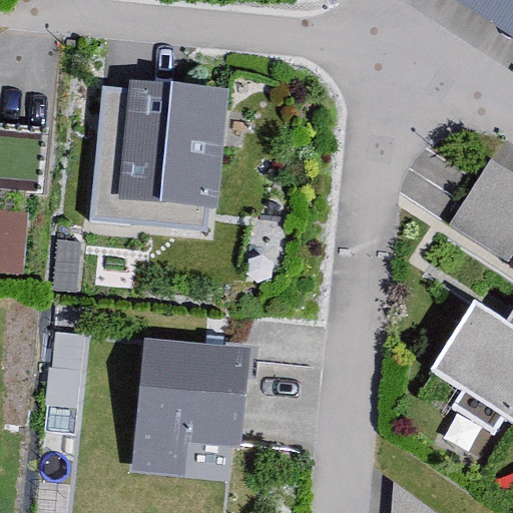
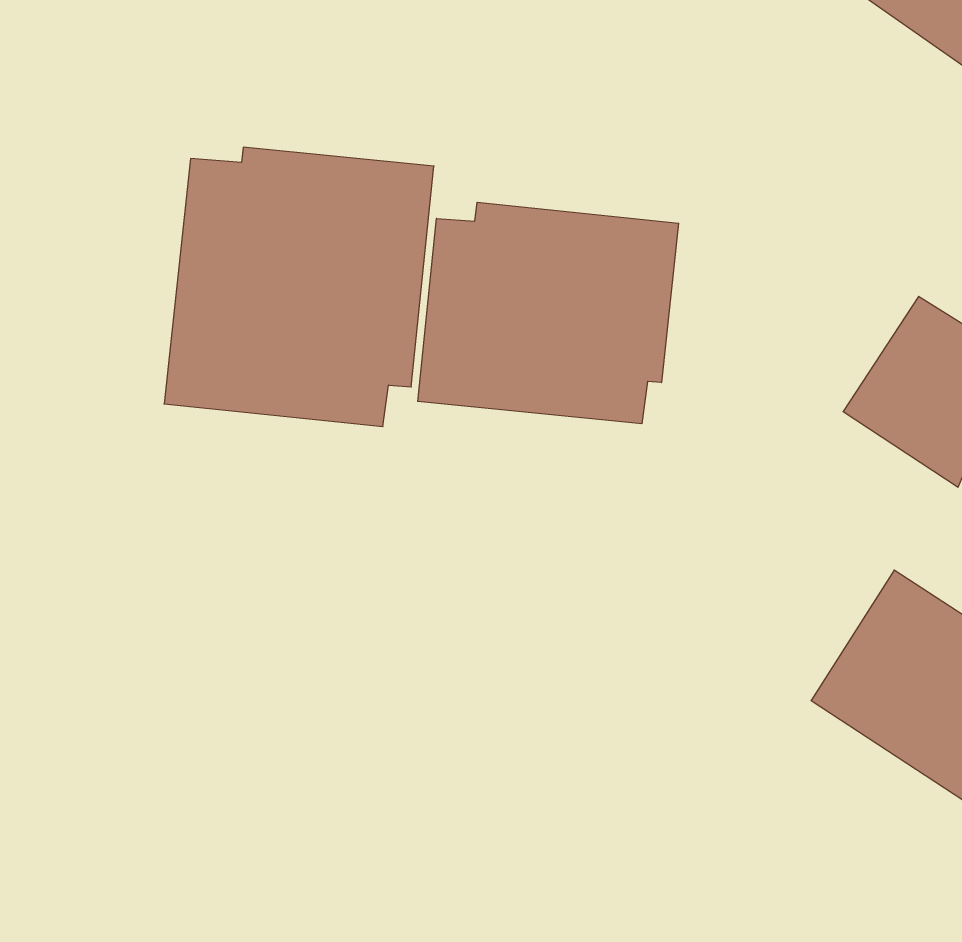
building: none -> [418,202,679,424]
building: [130,338,249,474] -> none

